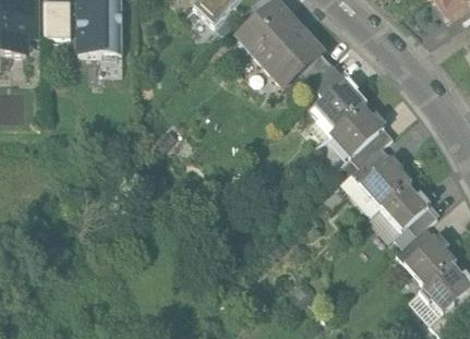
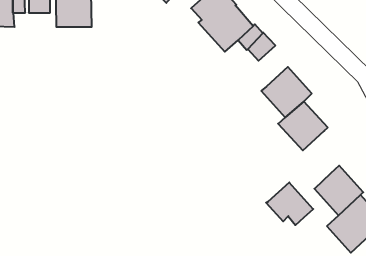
building: [316,77,367,128] -> none
building: [379,182,437,234] -> [266,182,313,225]

